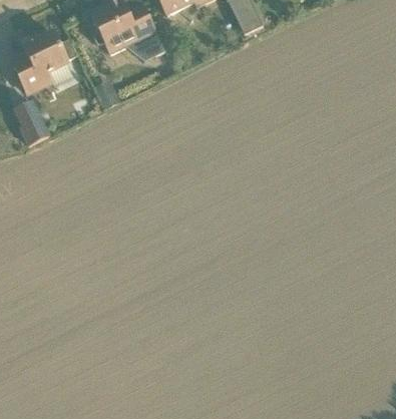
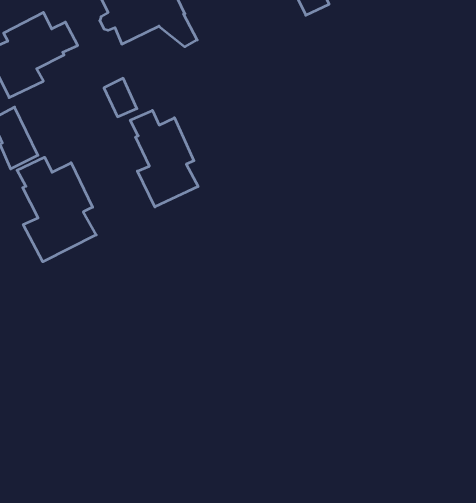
building: none -> [130,110,198,207]
building: none -> [17,157,96,262]

